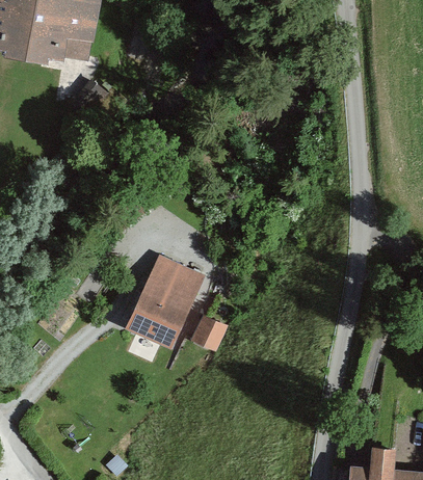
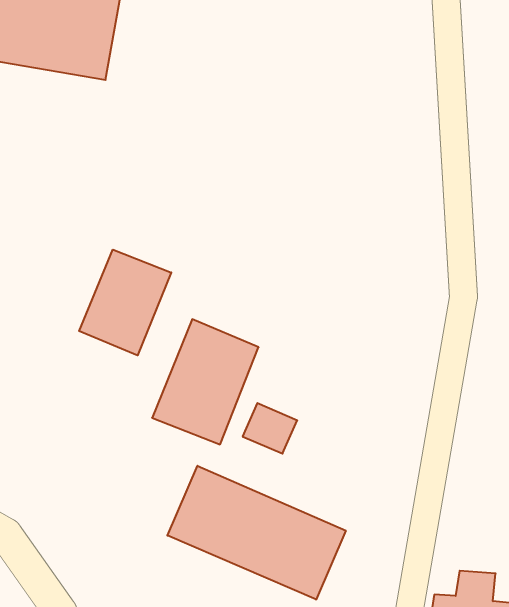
building: none -> [79,250,171,355]
building: none -> [167,466,346,600]

